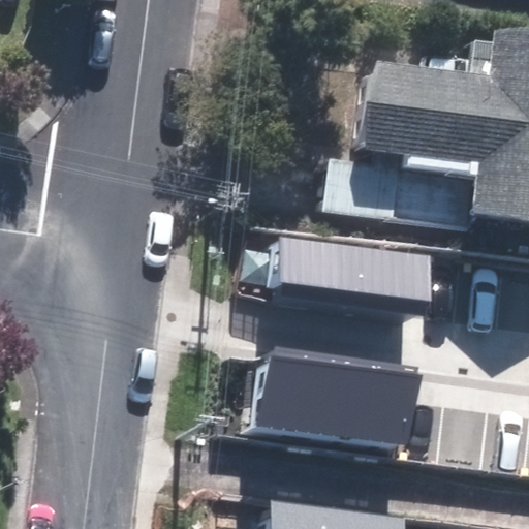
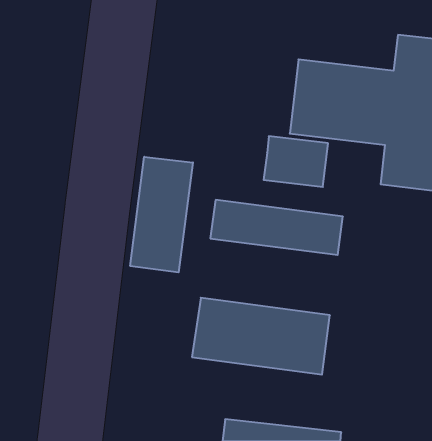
building: none -> [130,157,193,272]

